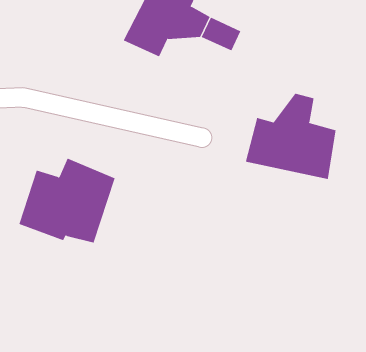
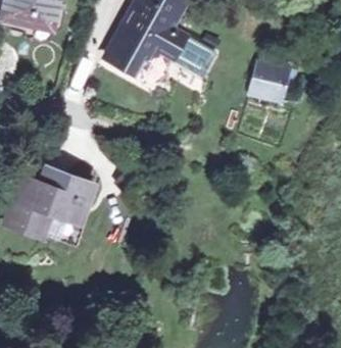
building: none -> [248,69,282,101]
building: [245,93,336,180] -> none

